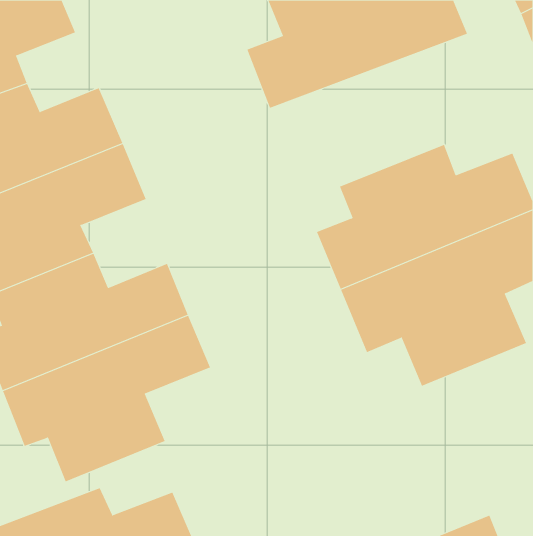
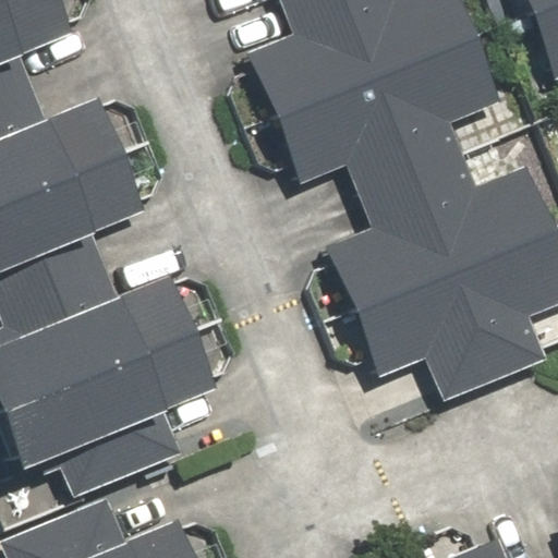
building: none -> [279,37,505,195]

